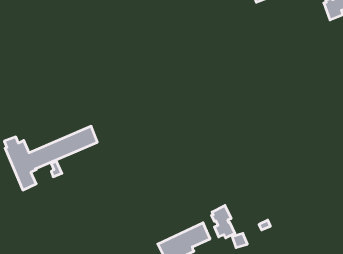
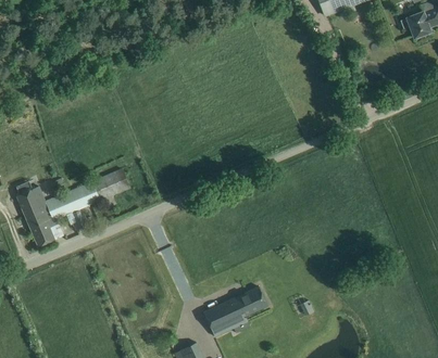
building: [212,205,235,238] -> none

